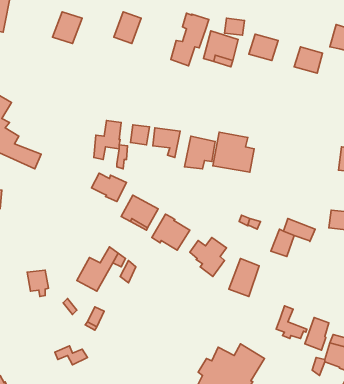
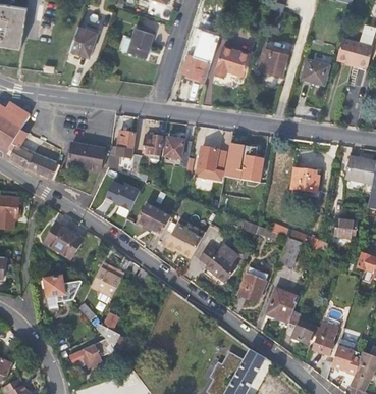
building: none -> [60,140,99,171]
building: none -> [290,168,318,192]
building: none -> [44,224,83,259]
building: none -> [265,287,299,323]

